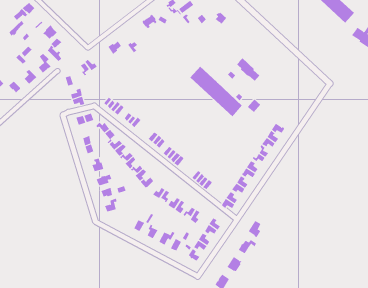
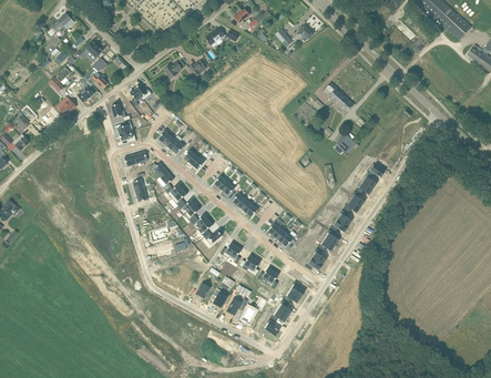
building: [189,66,242,117] -> none

